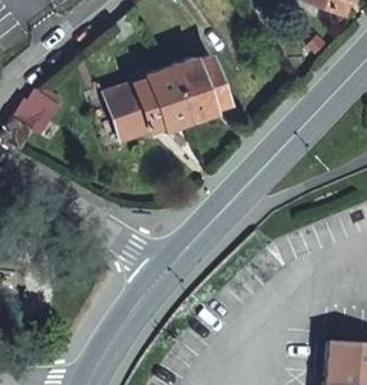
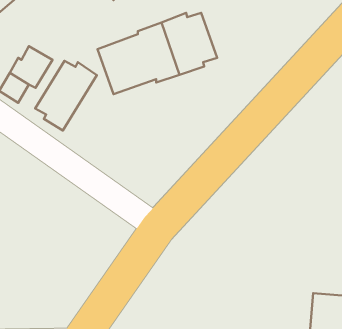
building: none -> [35,61,97,131]

